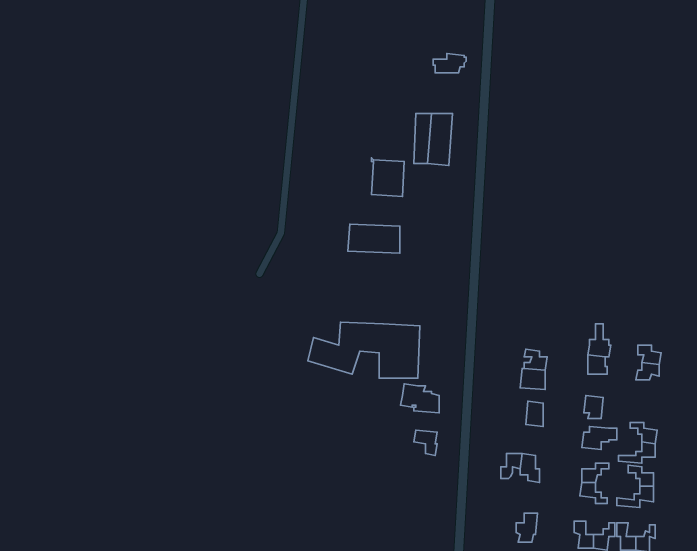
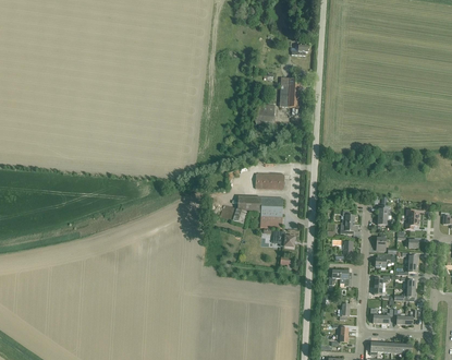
building: [348,224,400,253] -> [254,172,283,189]

